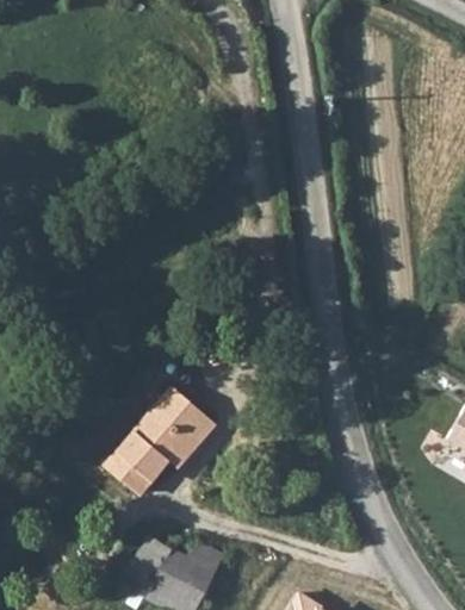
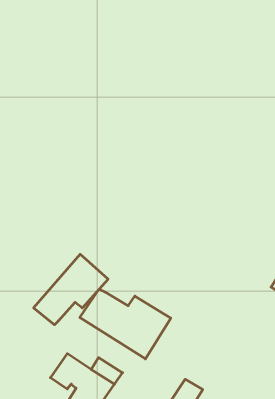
building: none -> [80,289,171,359]

